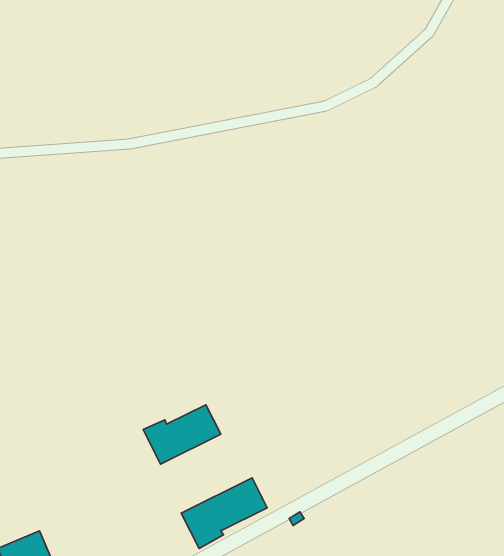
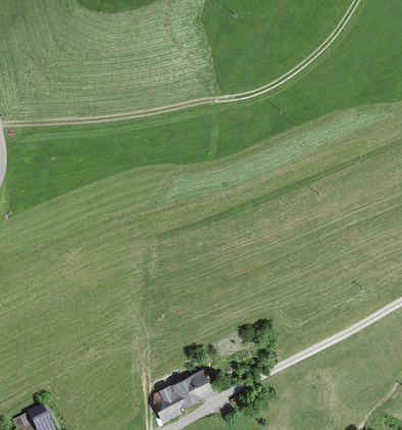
building: [143,405,221,464] -> none

